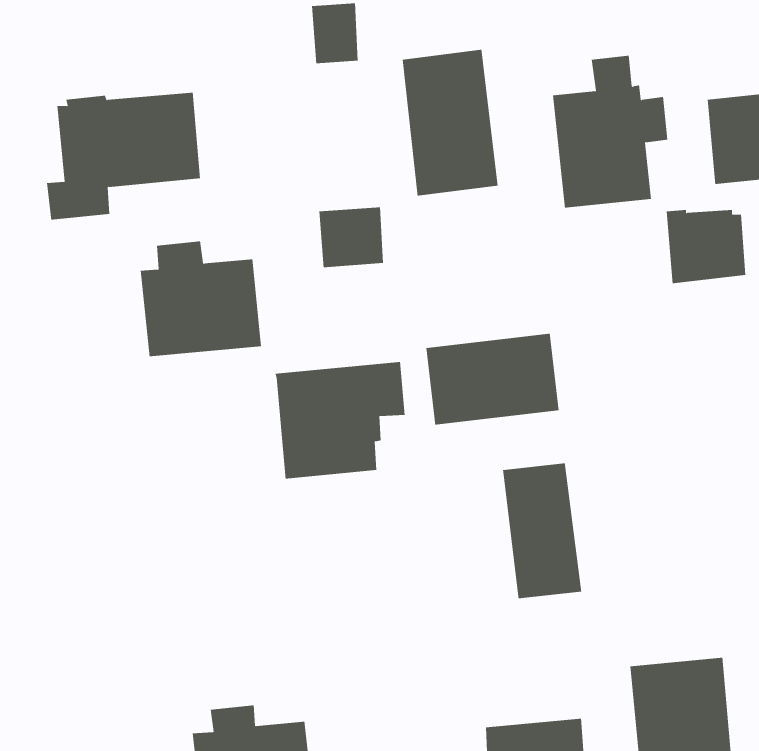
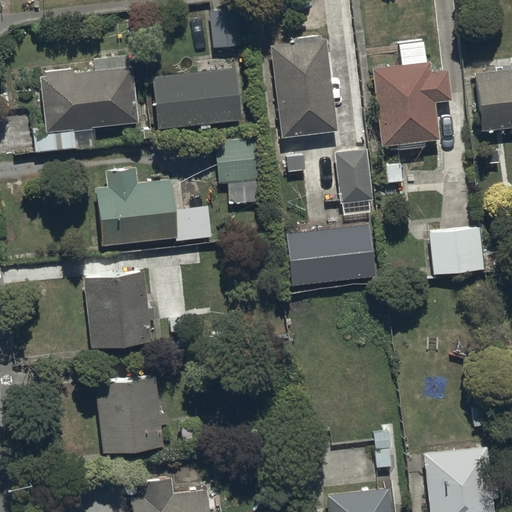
building: none -> [152,68,244,129]
building: [666,210,746,284] -> [429,226,483,276]
building: none -> [334,149,373,205]
building: [274,362,405,479] -> [82,268,170,347]
building: [503,463,582,599] -> none
building: none -> [95,377,171,452]

